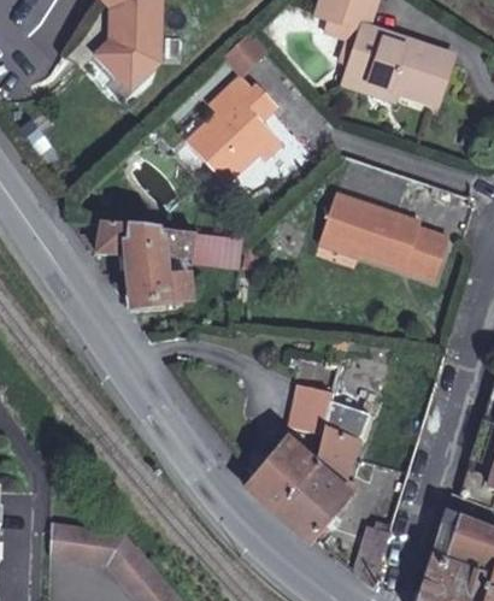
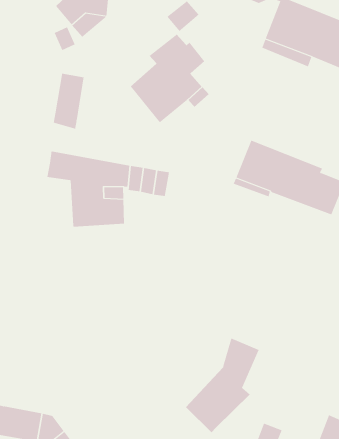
building: none -> [53,73,84,130]
building: [295,379,336,430] -> none
building: [246,436,318,512] -> none

